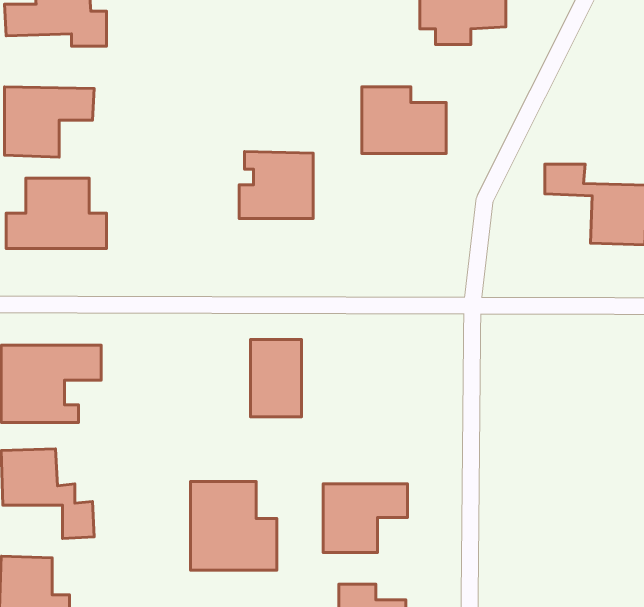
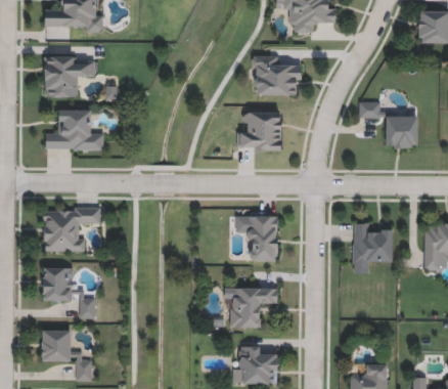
building: [239,152,313,218] -> [238,112,281,150]
building: [250,339,301,417] -> [248,216,277,261]
building: none -> [353,223,393,264]
building: [191,481,277,570] -> none

